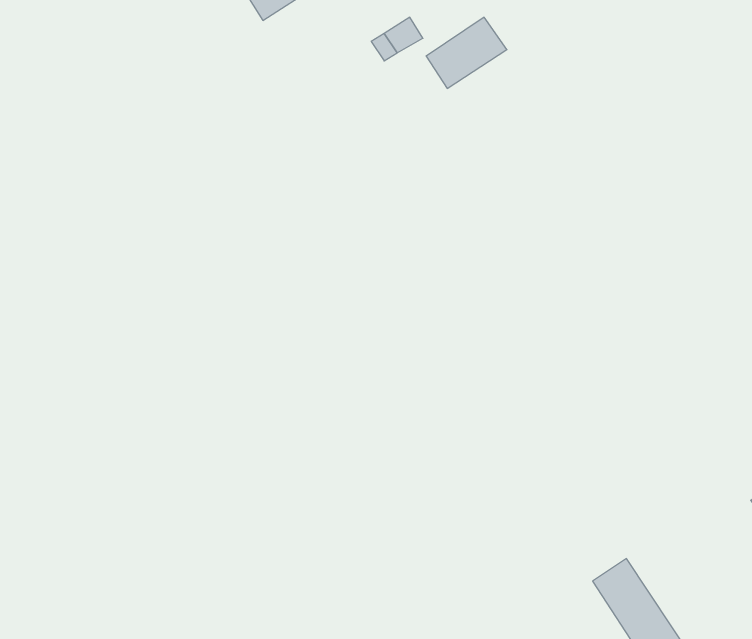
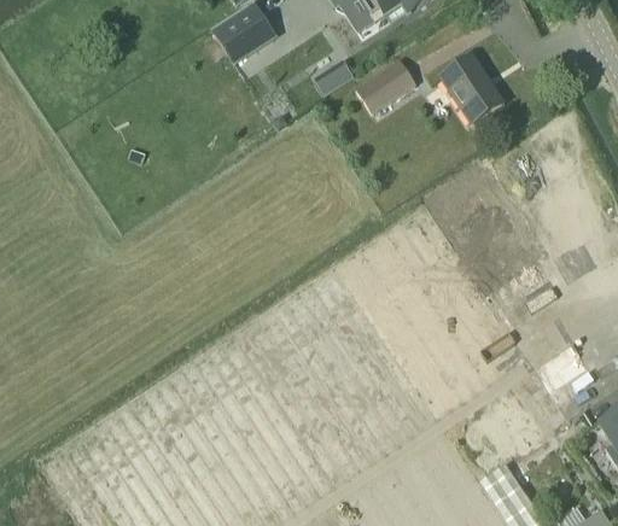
building: none -> [439,54,503,123]

